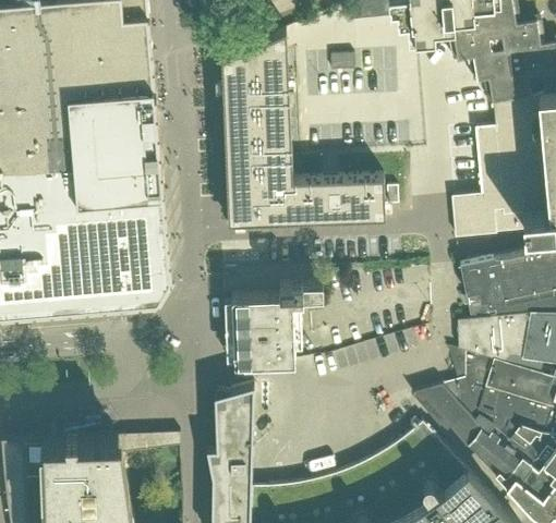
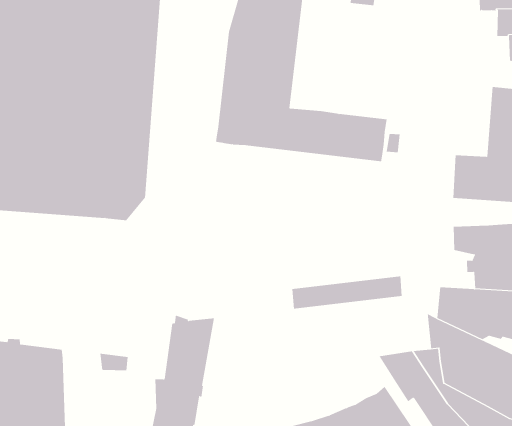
building: [231,287,323,367] -> none

